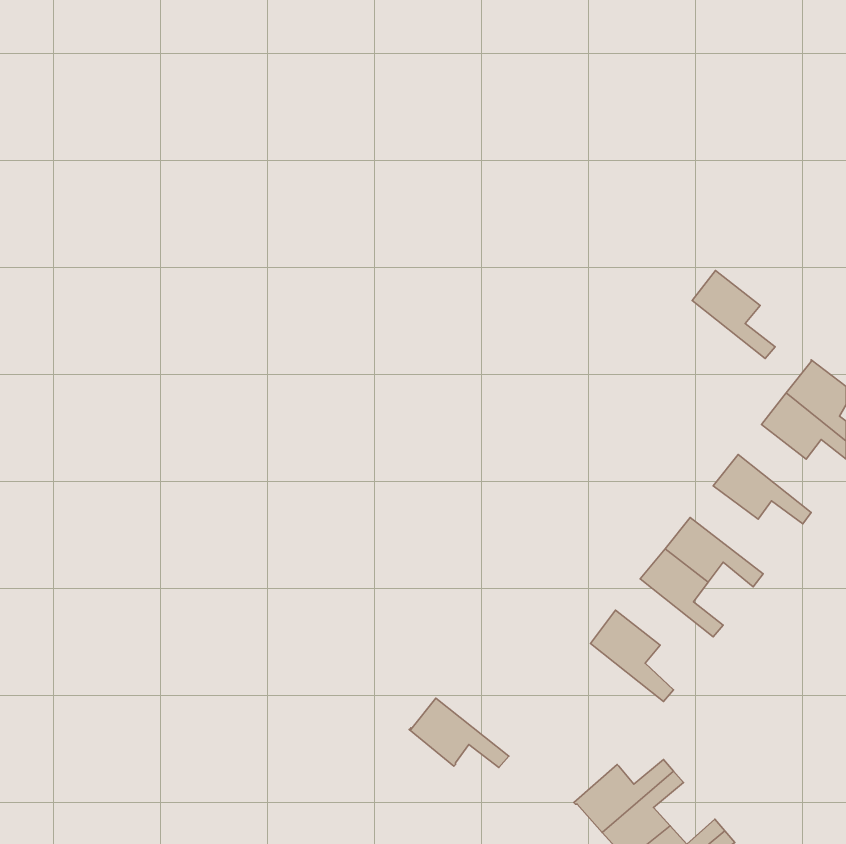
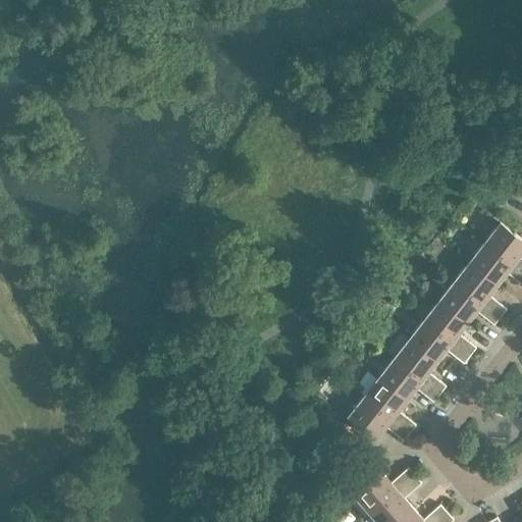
building: [692,271,775,358] -> [454,263,505,317]
building: none -> [424,301,475,355]
building: none -> [378,358,438,402]
building: [409,698,509,768] -> [347,398,408,440]

